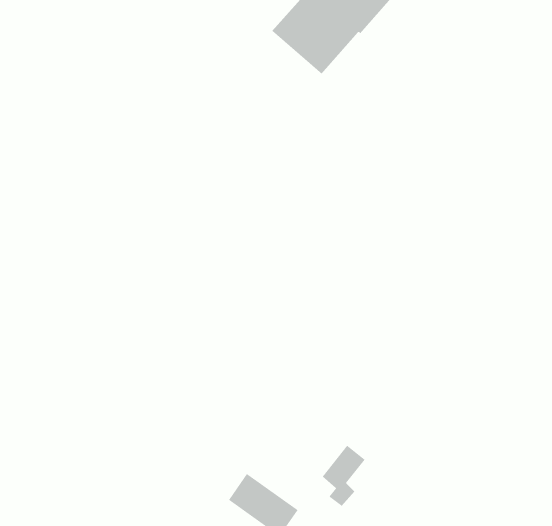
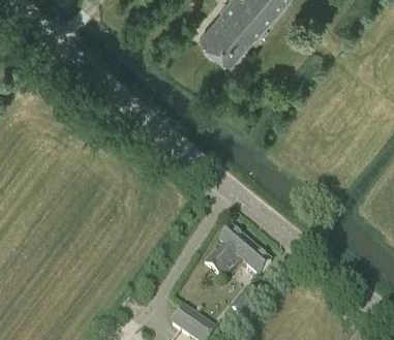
building: none -> [207,226,272,275]

